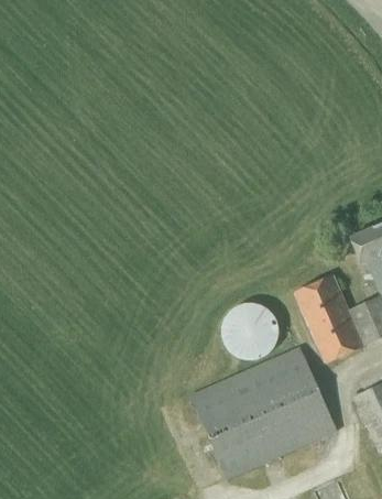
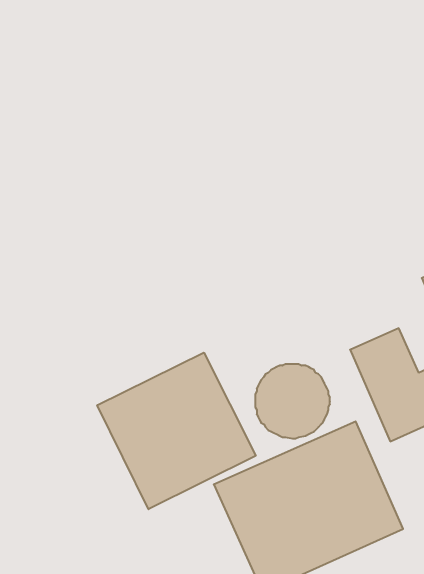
building: none -> [97,353,256,509]

